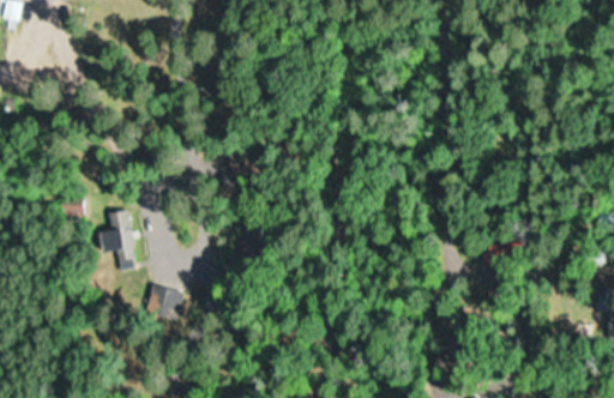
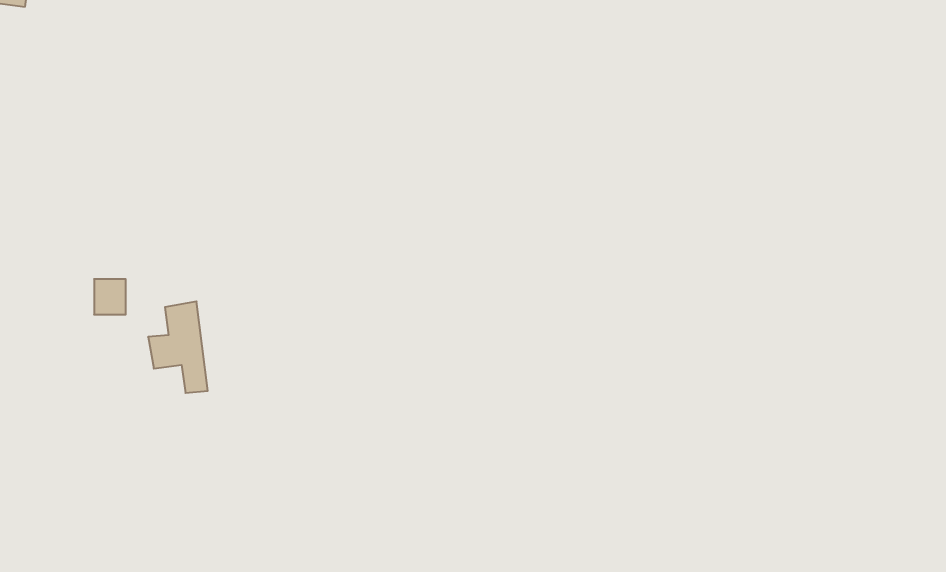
building: [150,287,183,316] -> none

